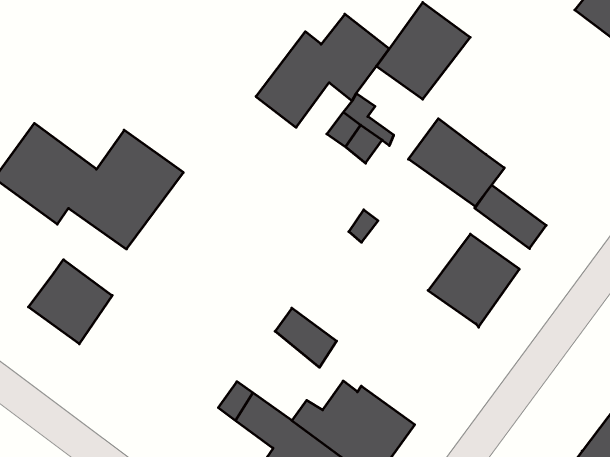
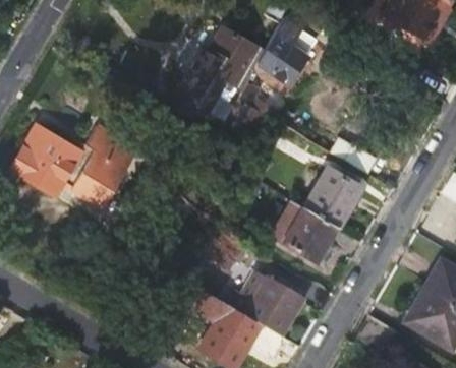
building: [408,119,504,206] -> none
building: [28,260,112,344] -> none
building: none -> [273,200,339,261]

